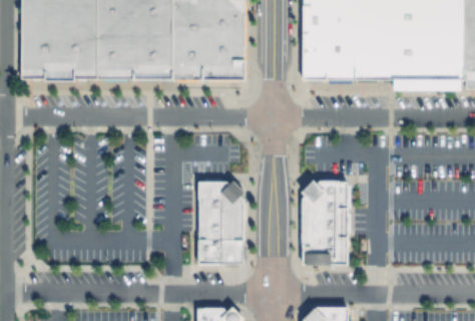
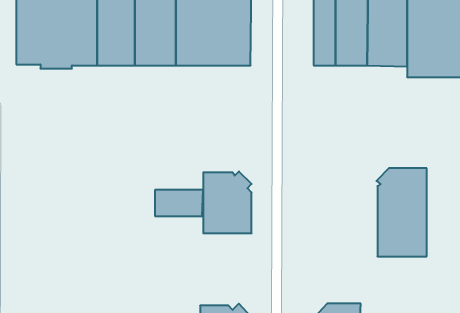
building: [301,179,349,263] -> [376,168,427,256]
building: [198,238,245,263] -> [155,190,203,216]

